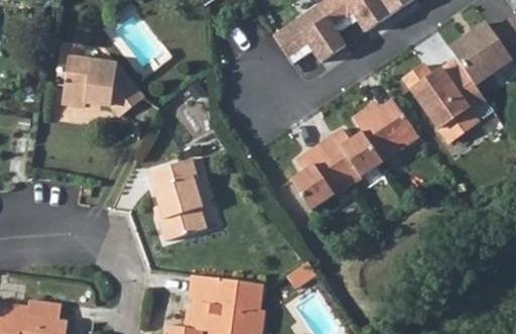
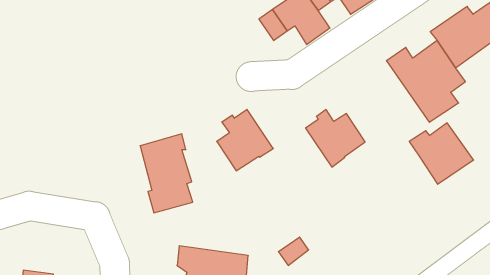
building: [60,54,143,115] -> none
building: [353,101,419,164] -> [409,123,474,184]
building: [289,150,348,214] -> [217,109,273,171]

